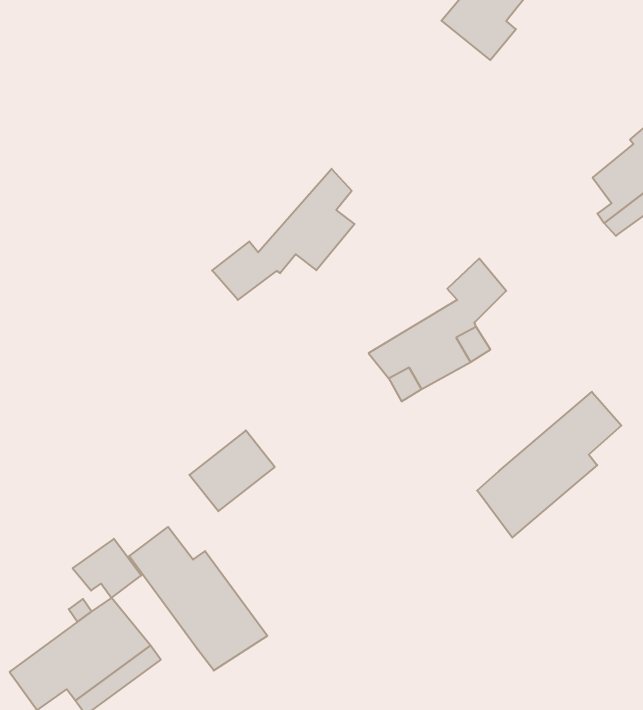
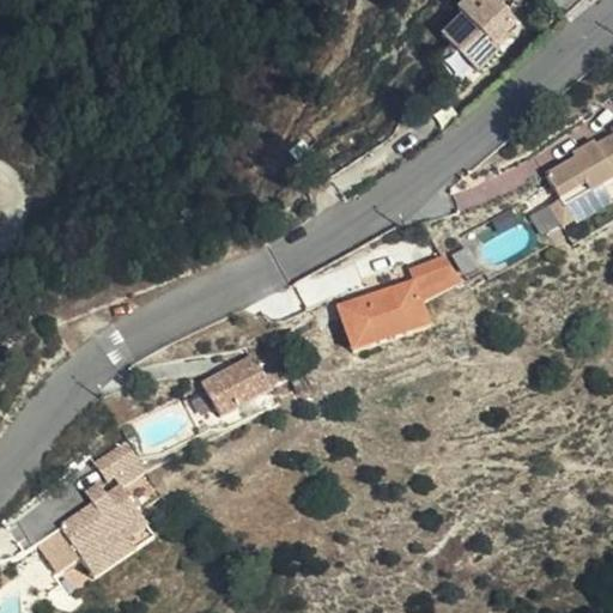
building: [212,169,355,300] -> none
building: [477,392,621,538] -> none
building: [129,527,267,671] -> none

